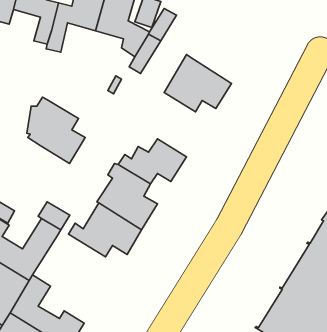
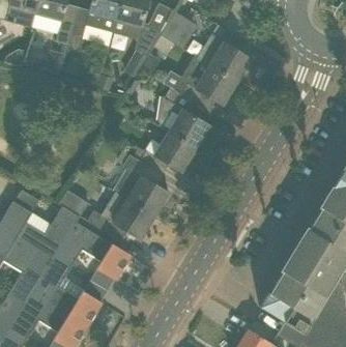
building: none -> [199,33,252,81]
building: [27,97,85,164] -> [156,87,210,148]
building: none -> [54,221,131,279]

